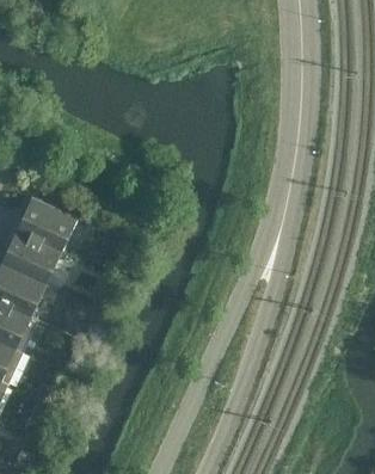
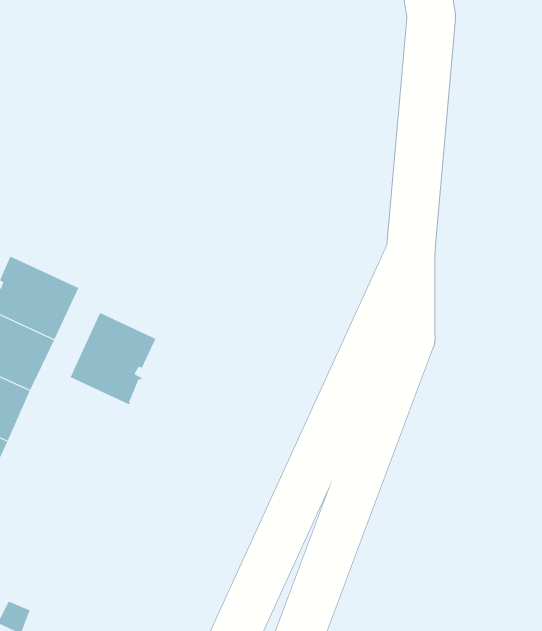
building: none -> [70,312,156,405]

